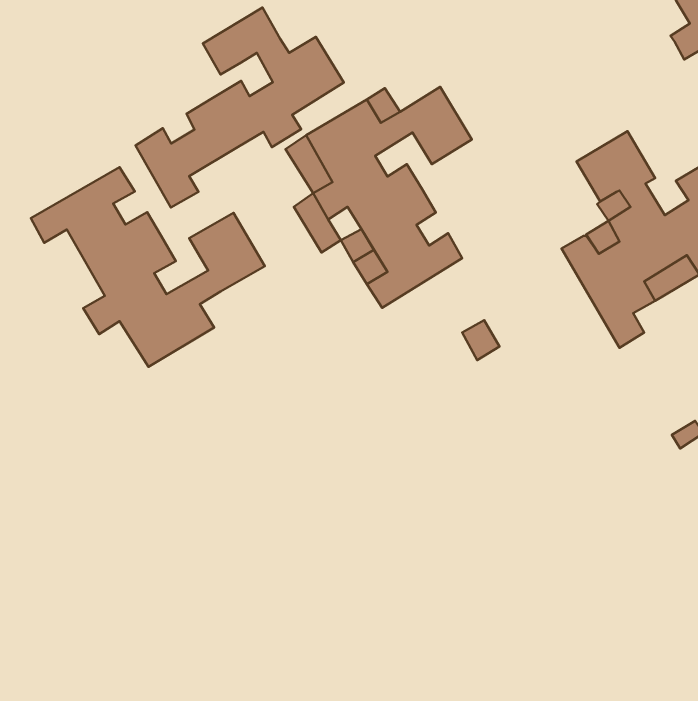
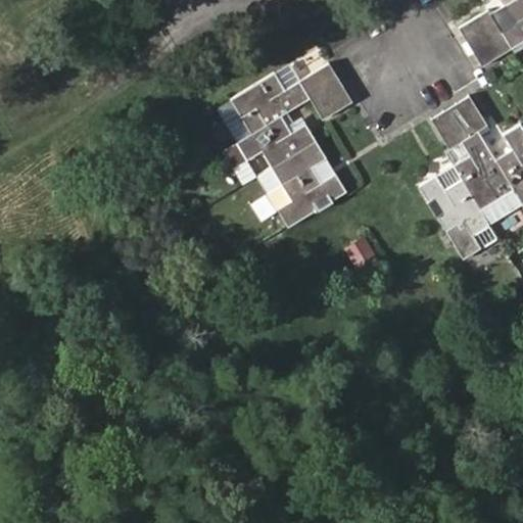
building: [136,8,344,208] -> none
building: none -> [459,6,512,61]
building: [31,167,265,367] -> none

